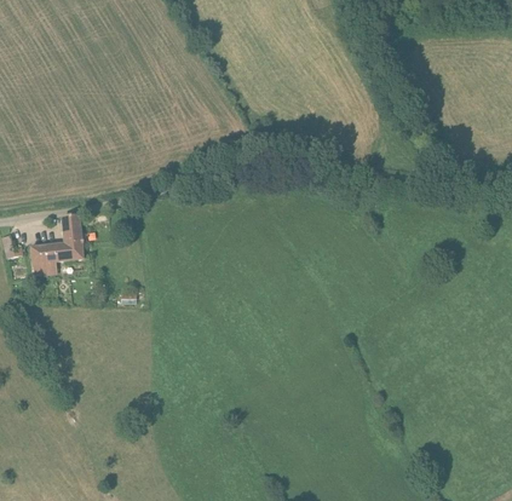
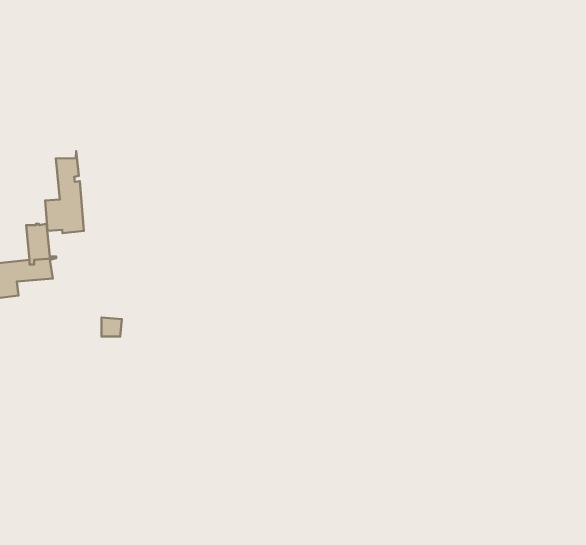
building: none -> [45,151,84,233]

